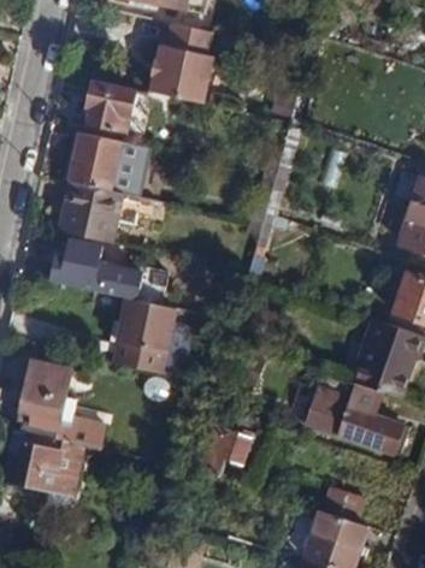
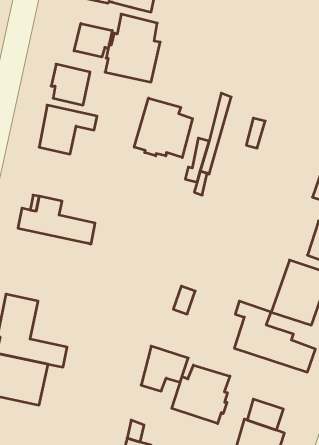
building: none -> [74,23,112,57]
building: none -> [134,98,193,158]
building: [61,182,120,243] -> none
building: [112,298,193,379] -> none
building: none -> [172,365,230,424]

